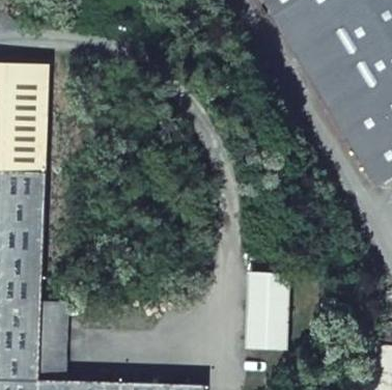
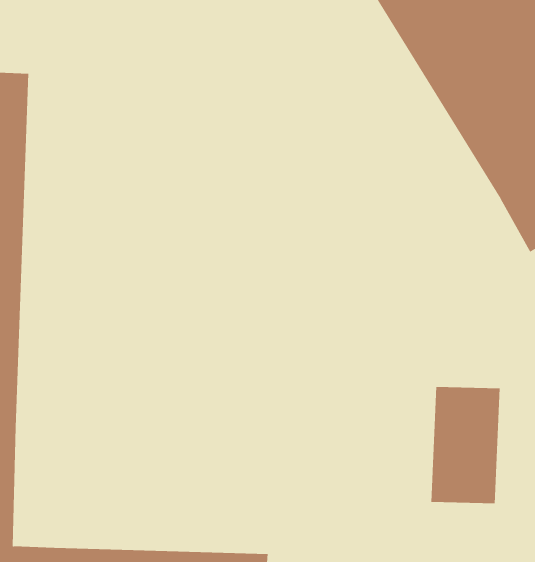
building: [245,271,290,347] -> [431,386,500,504]
building: [37,301,66,380] -> none

